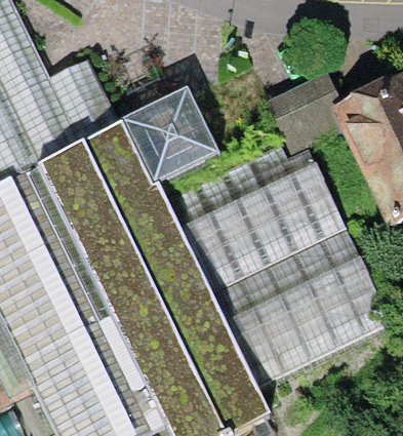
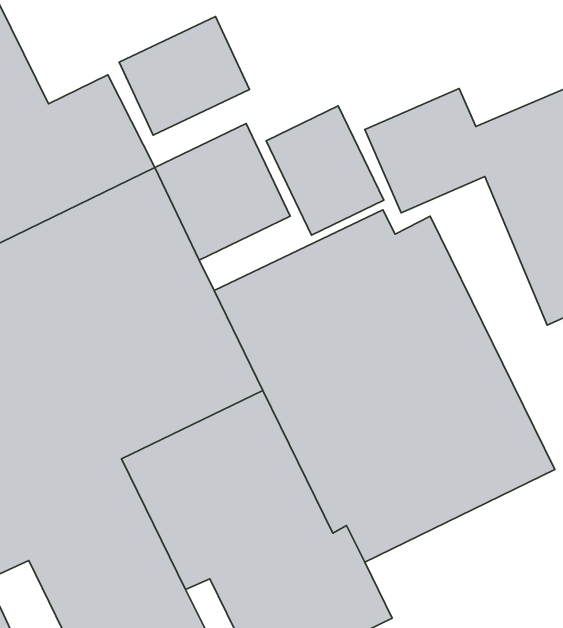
building: none -> [119,16,250,135]
building: none -> [266,106,384,235]

